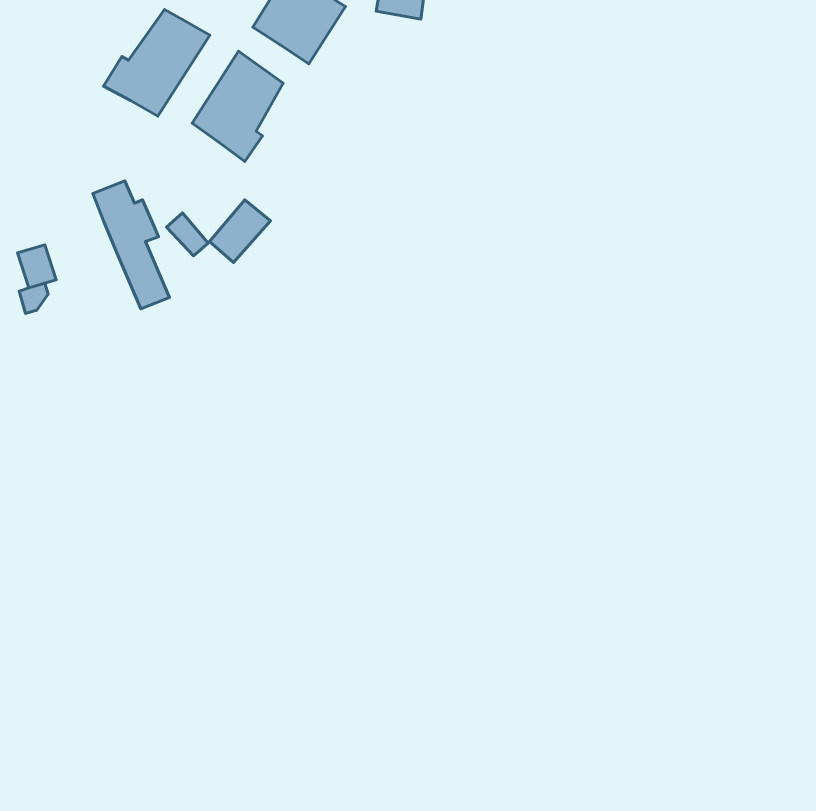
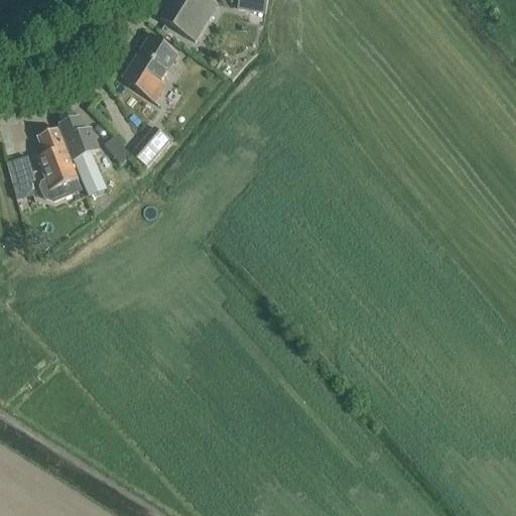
building: [104,9,210,116] -> none
building: none -> [37,127,82,200]

